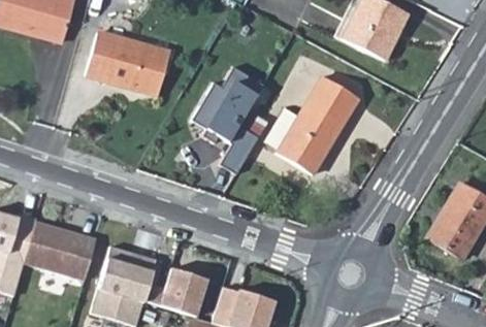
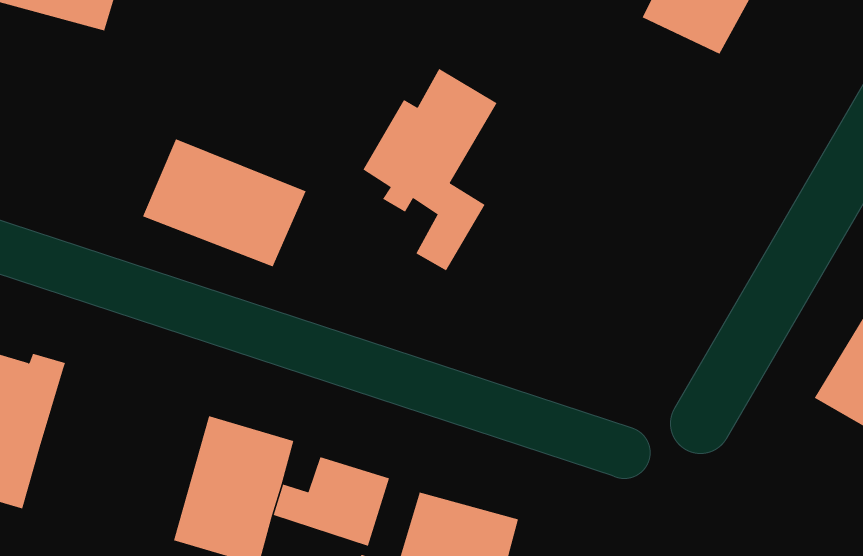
building: [80,38,167,106] -> [142,138,306,267]
building: [269,75,346,163] -> none
building: [24,222,98,283] -> none

